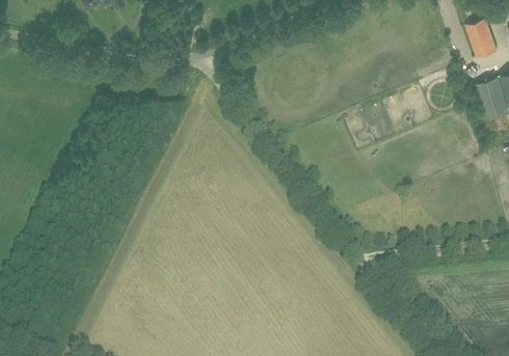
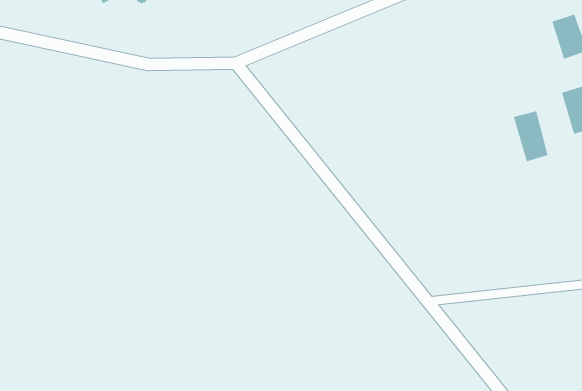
building: none -> [513,111,548,162]

